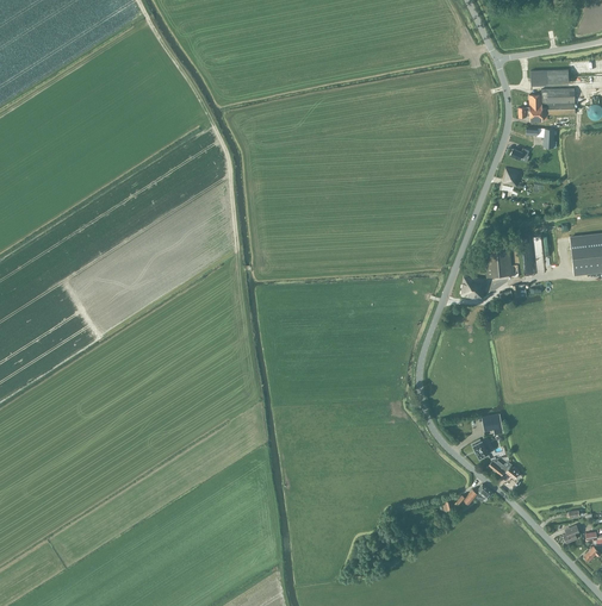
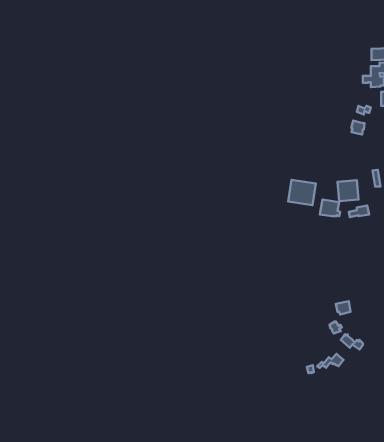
building: none -> [288,180,316,205]

